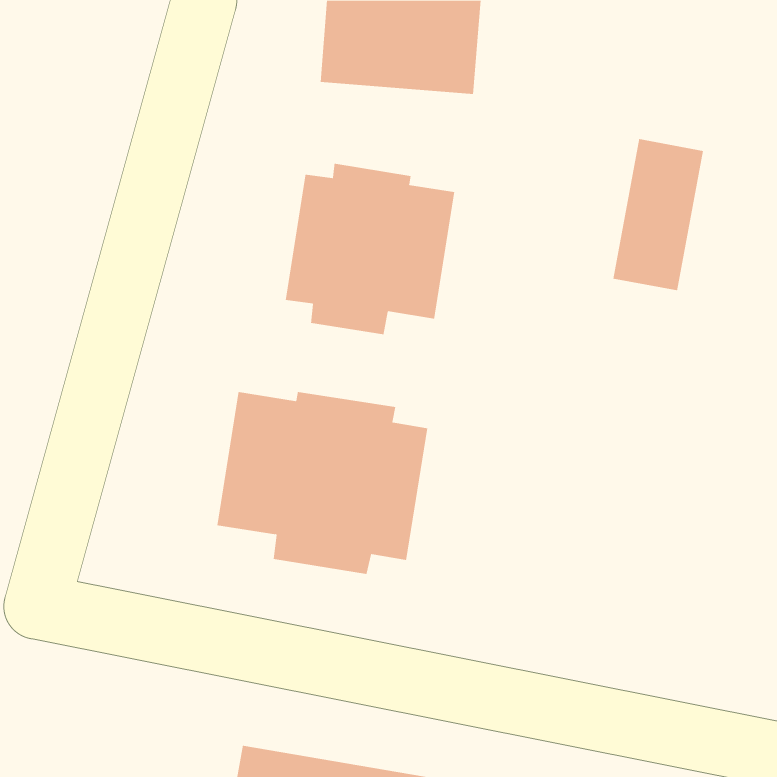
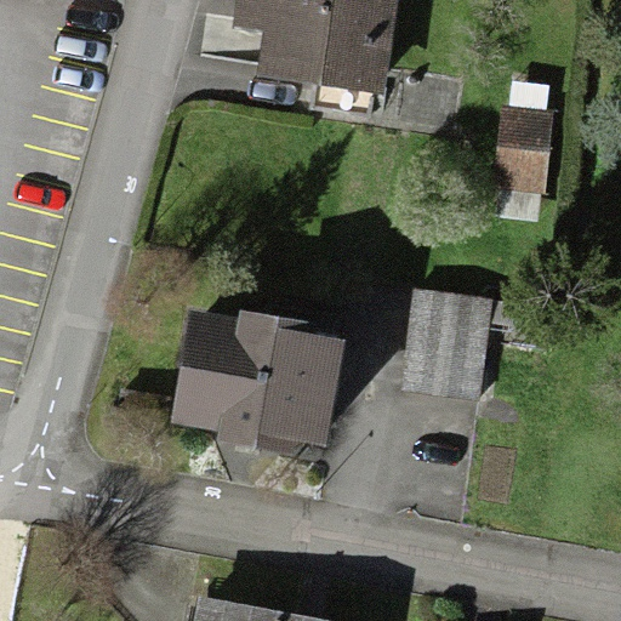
building: [285,163,455,335] -> none
building: none -> [399,284,531,400]

